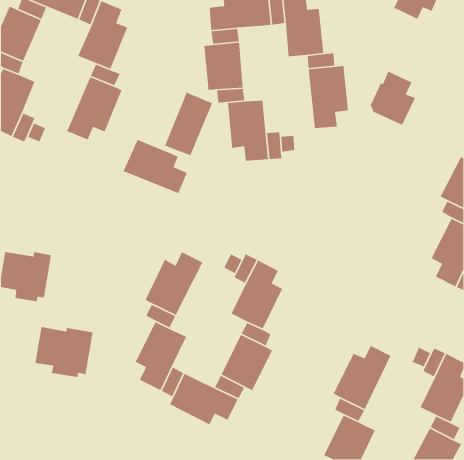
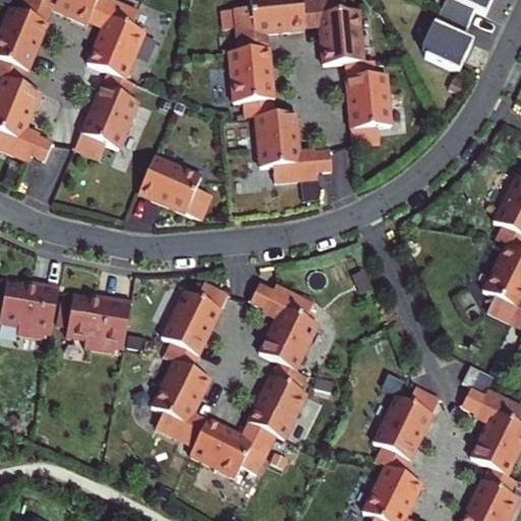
building: [370,70,416,126] -> [420,9,472,71]
building: [164,92,213,156] -> none
building: [34,326,94,378] -> [65,294,131,352]

